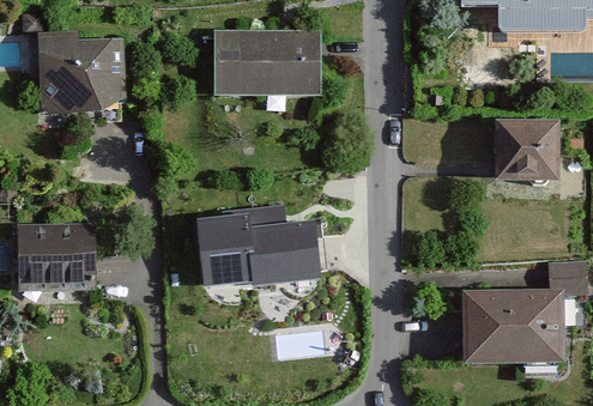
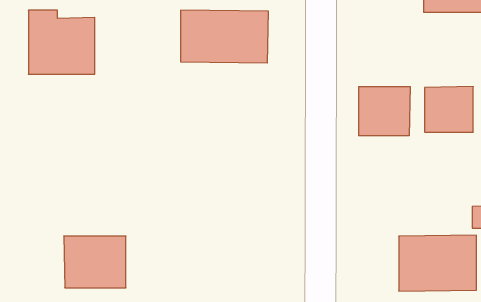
building: none -> [359,87,410,136]
building: [196,205,319,287] -> none
building: [22,225,93,285] -> [64,236,126,288]

